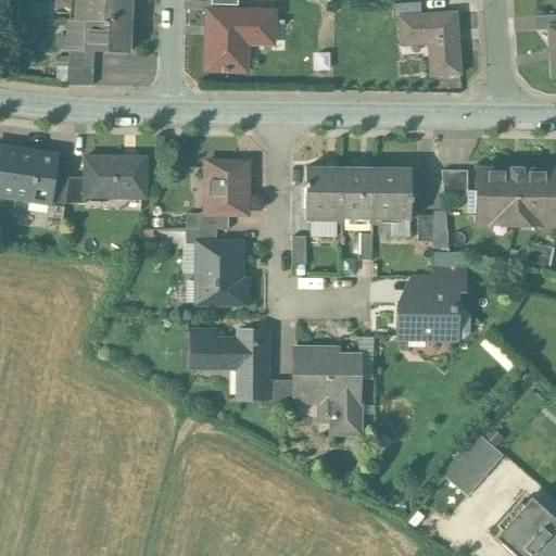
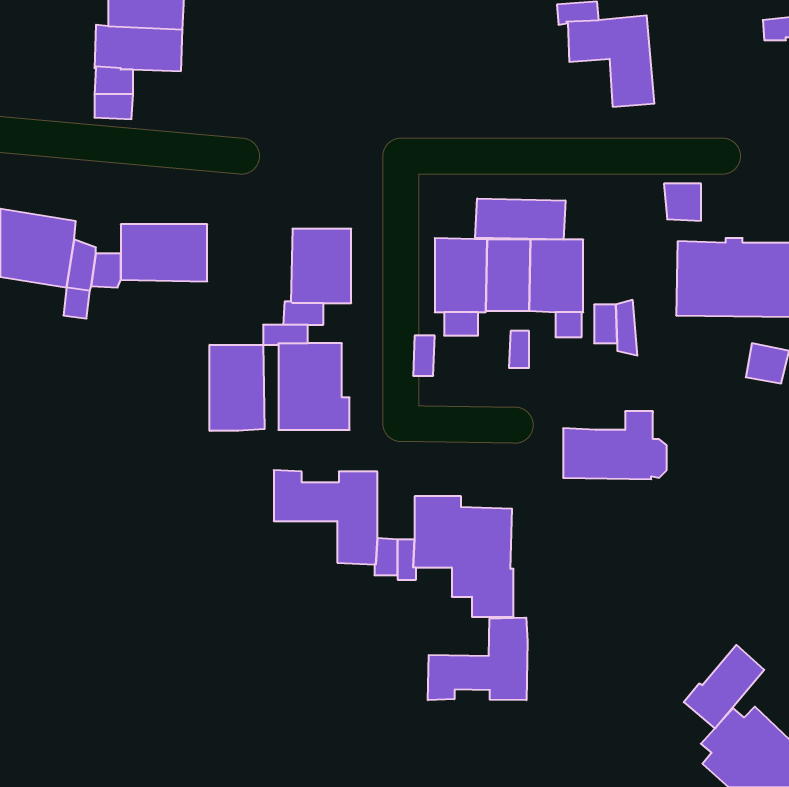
building: [205,8,274,71] -> none
building: none -> [475,198,565,240]
building: [442,169,468,195] -> [664,184,701,221]
building: none -> [210,345,265,431]
building: [419,266,467,302] -> none
building: none -> [428,618,527,700]
building: [446,437,503,495] -> [684,645,764,728]

